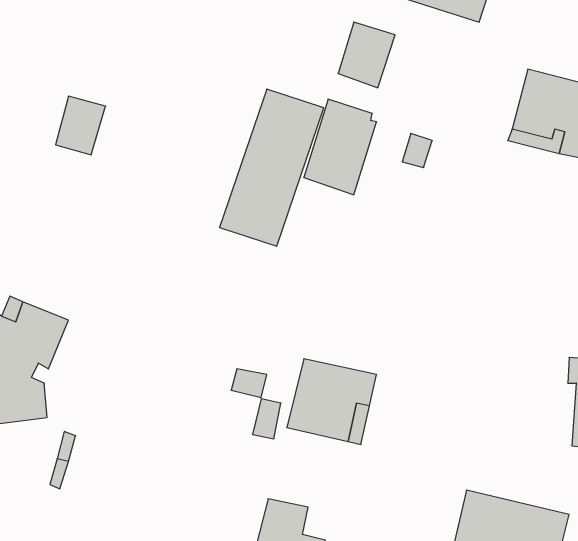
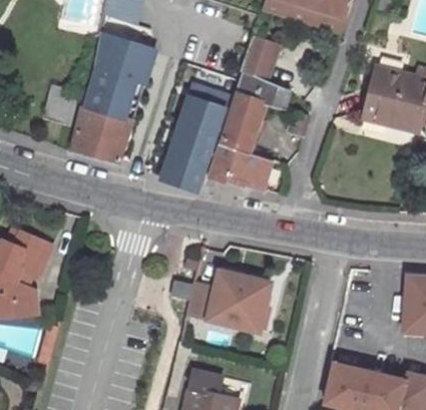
building: none -> [69,32,153,162]
building: none -> [235,71,292,110]
building: none -> [208,144,273,191]

